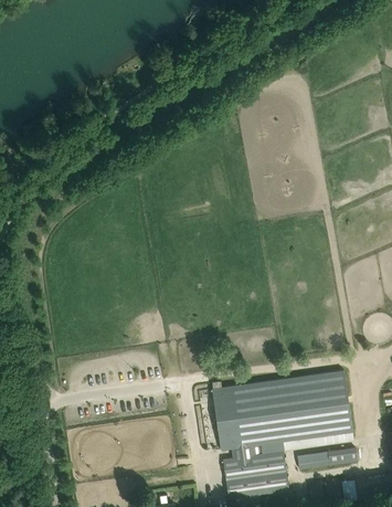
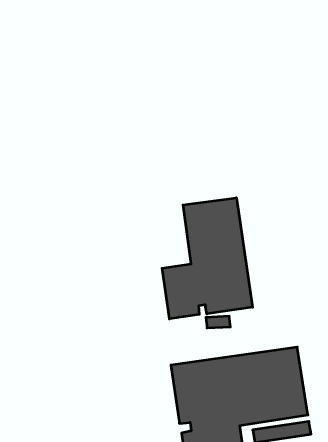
building: none -> [162,198,253,319]

